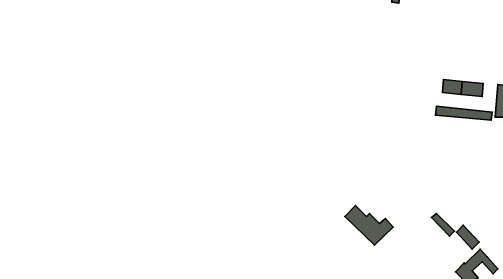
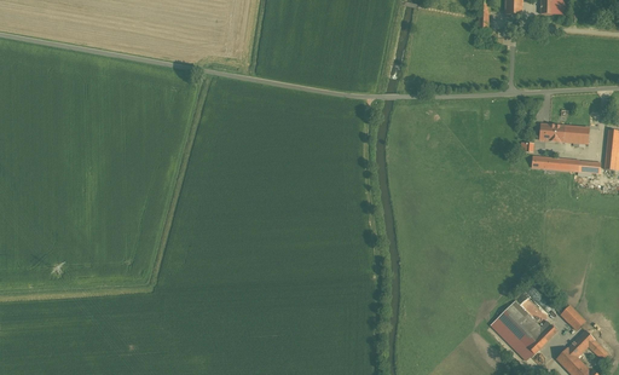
building: [345,206,393,245] -> [499,305,559,353]

